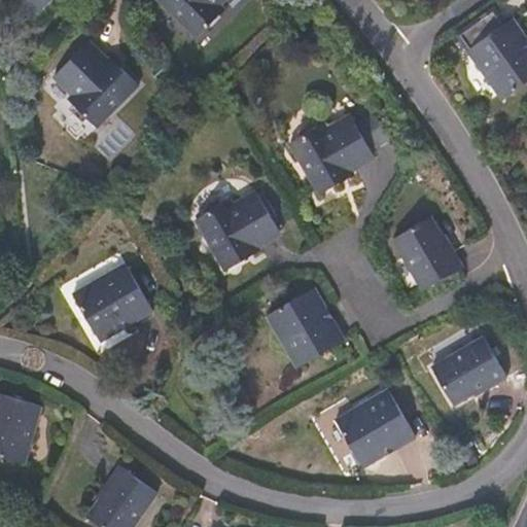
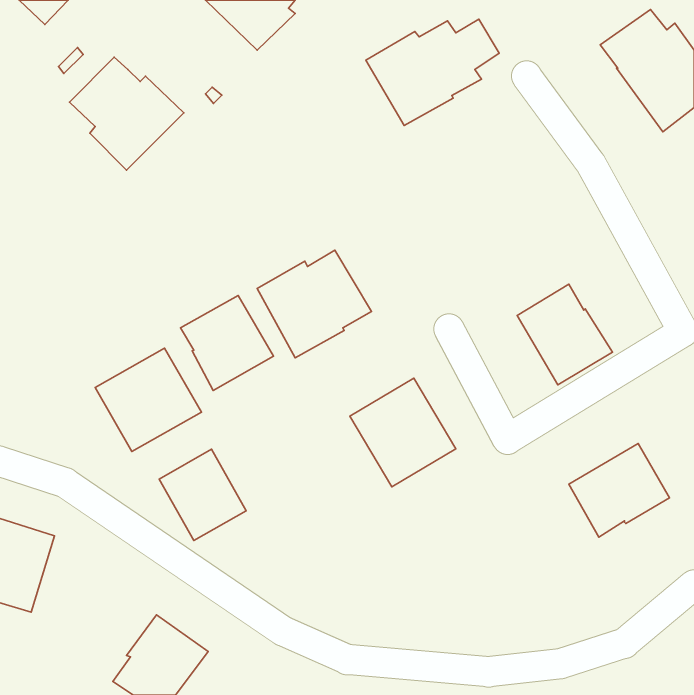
building: [287,113,388,194] -> [366,19,499,125]
building: none -> [181,295,274,390]
building: none -> [159,449,246,541]
building: [333,388,415,468] -> none

